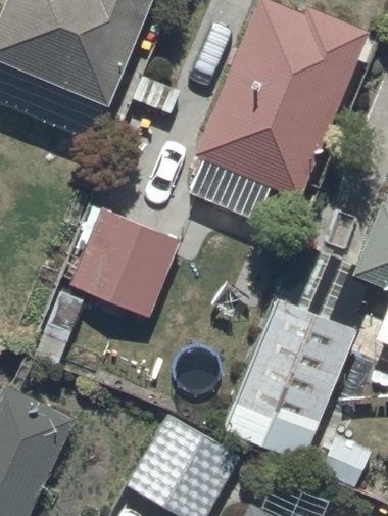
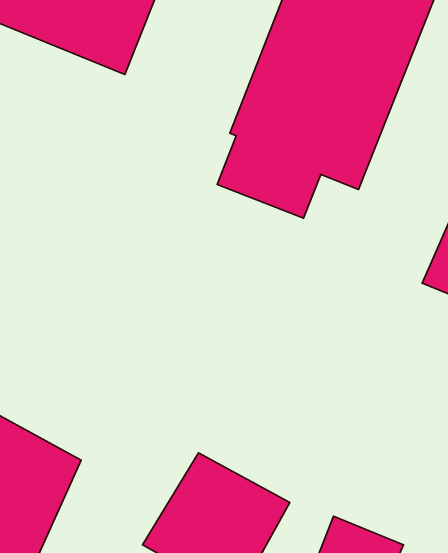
building: [77,209,182,320] -> none
building: [223,296,355,463] -> none

